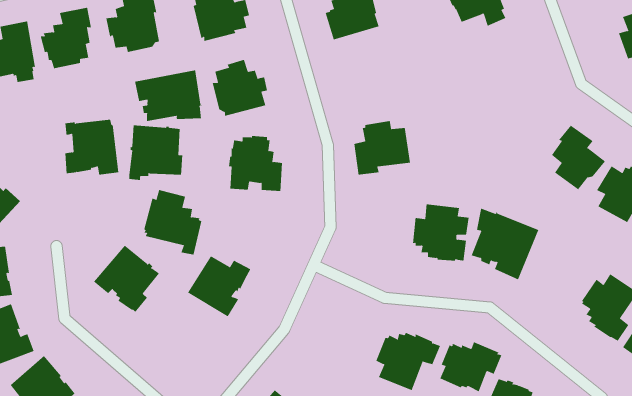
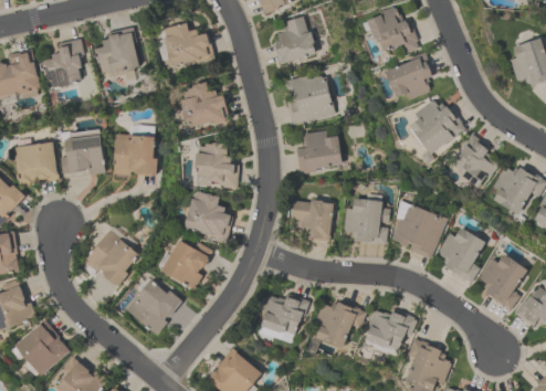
building: none -> [386,51,433,99]
building: none -> [285,76,334,125]
building: [134,70,205,122] -> none
building: none -> [410,99,465,152]
building: none -> [13,140,60,184]
building: [144,190,202,255] -> [185,191,232,244]
building: none -> [291,199,333,242]
building: none -> [437,228,485,283]
building: none -> [125,279,182,335]
building: none -> [261,294,308,335]

